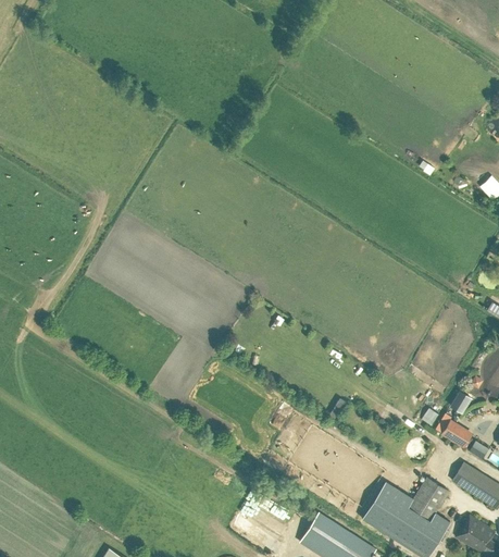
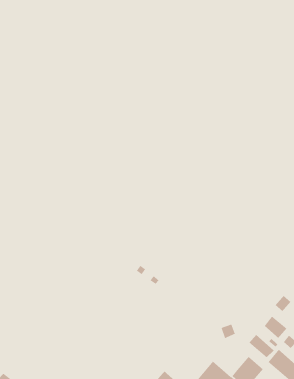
building: none -> [249,334,274,358]

